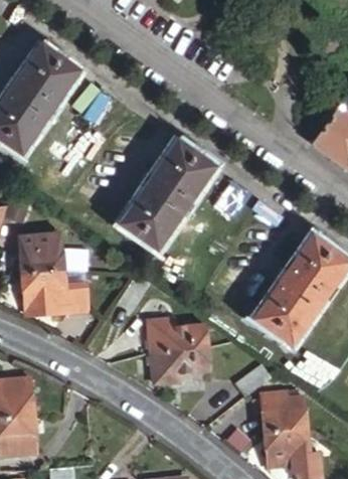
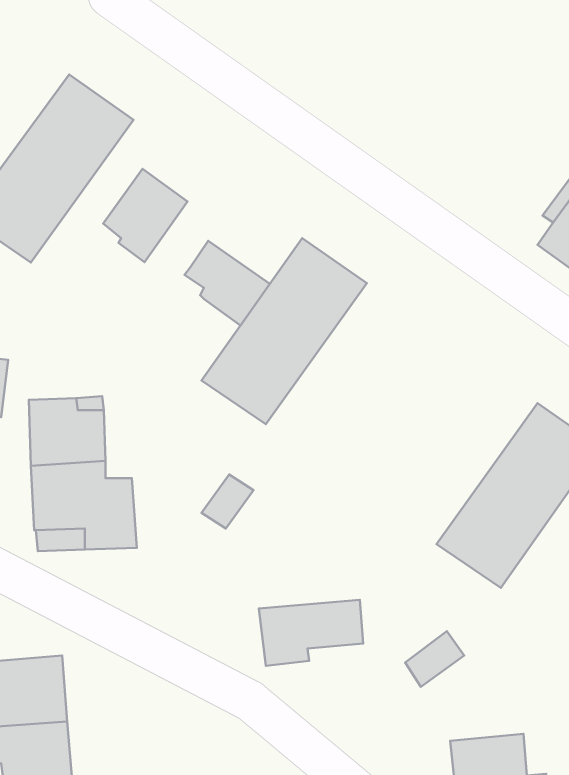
building: none -> [103,169,187,262]
building: none -> [184,241,270,325]
building: [149,319,209,352] -> none
building: [258,388,304,429] -> none

